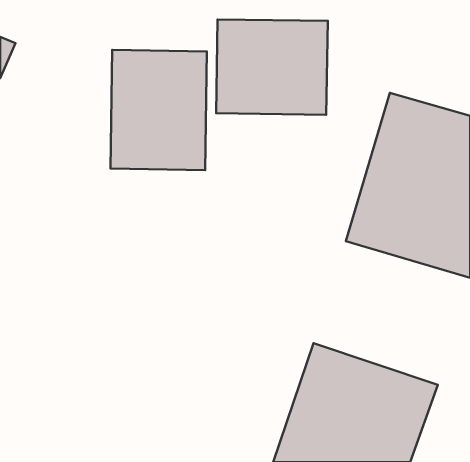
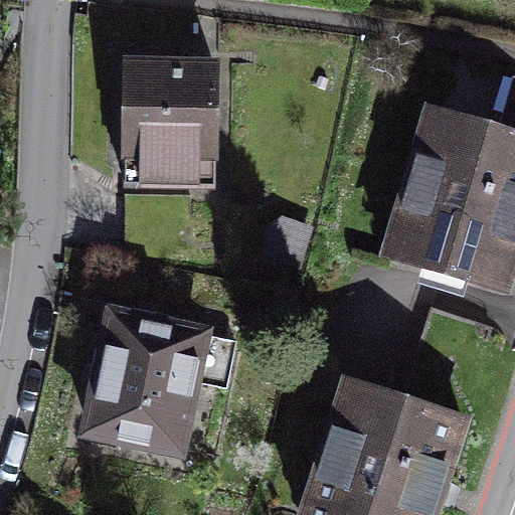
building: [216,19,328,115] -> none
building: none -> [80,306,224,473]

